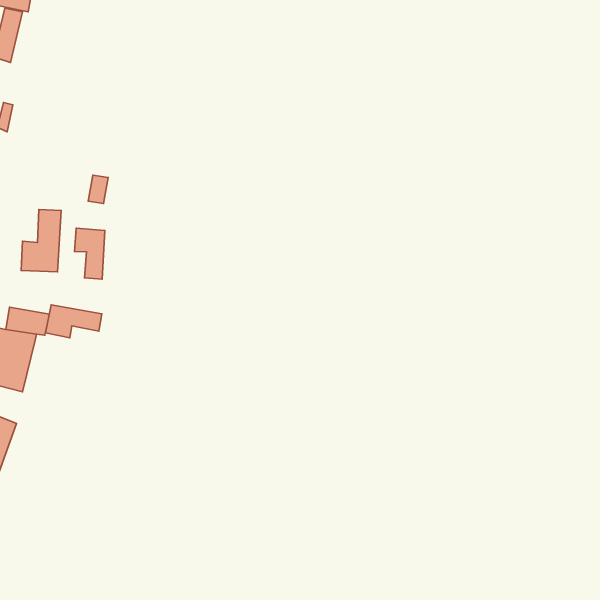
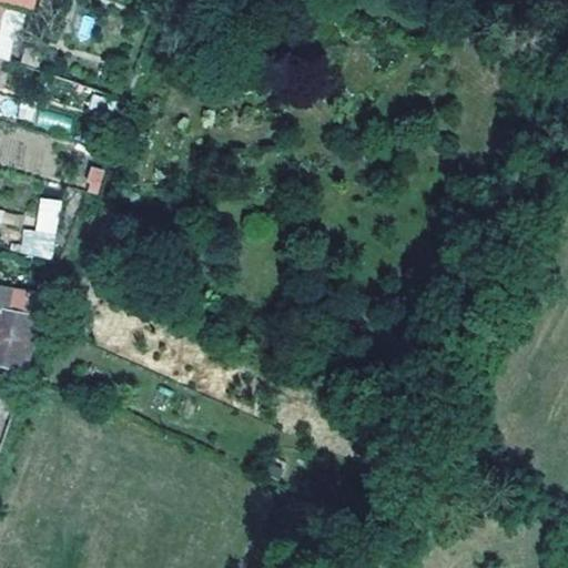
building: [74,228,105,279] -> none
building: [46,305,102,338] -> none

